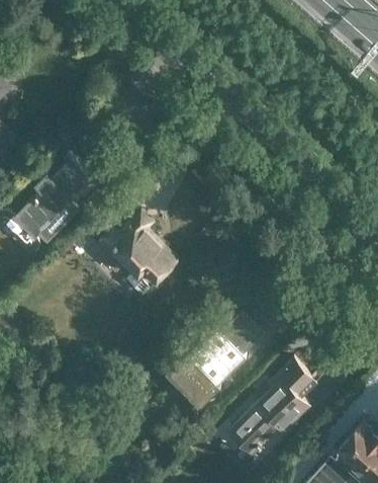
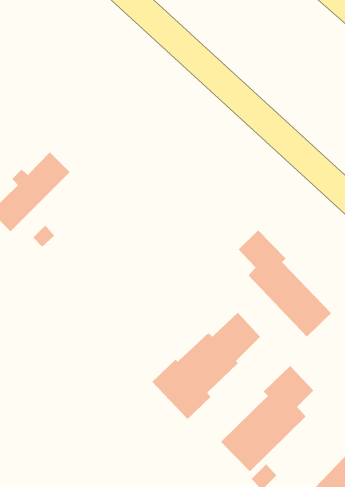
building: [99,217,173,299] -> none
building: none -> [238,229,332,337]

